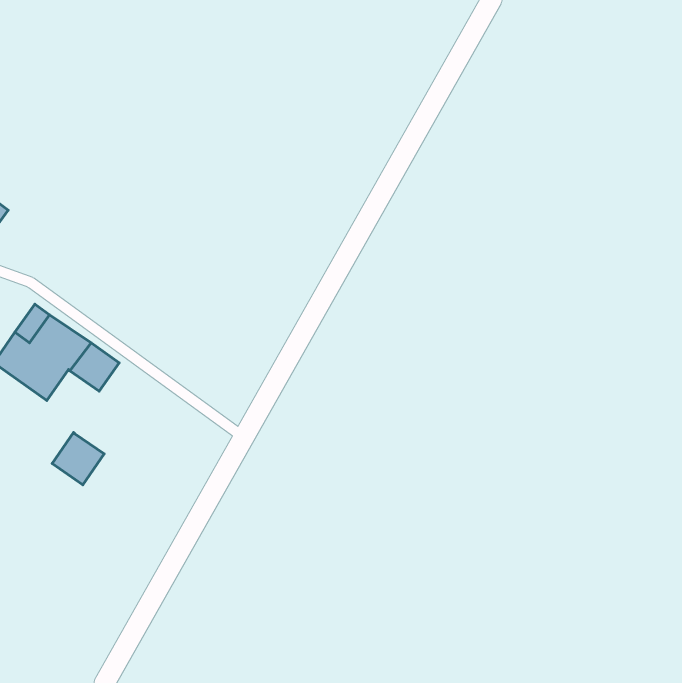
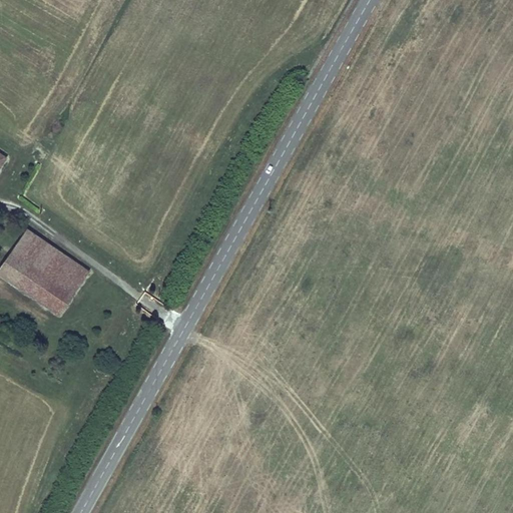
building: [52,433,104,485] -> [35,277,74,316]

